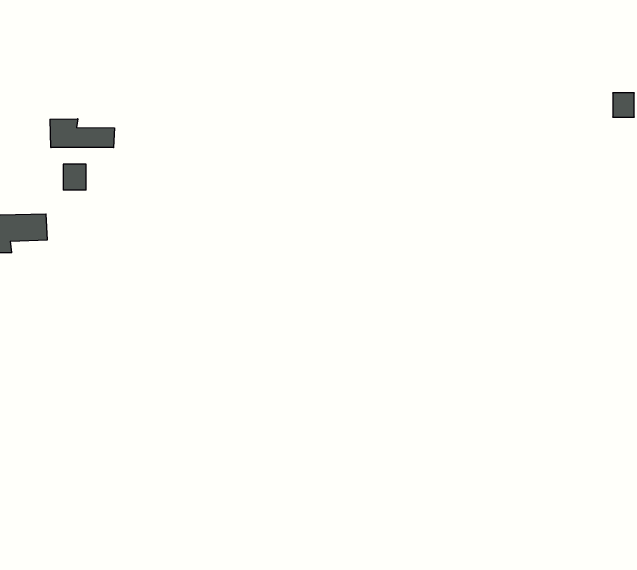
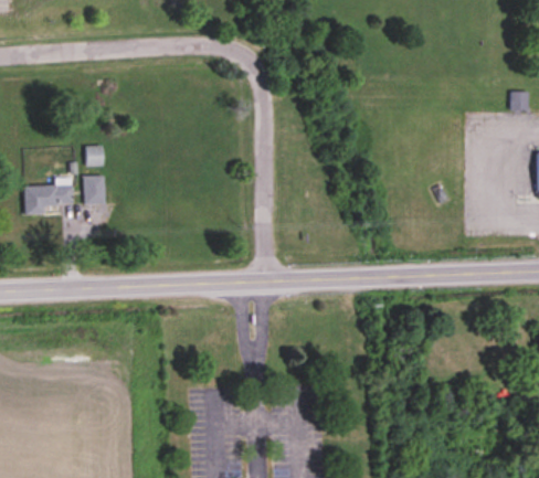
building: [50,119,114,148] -> none
building: none -> [84,177,105,205]

